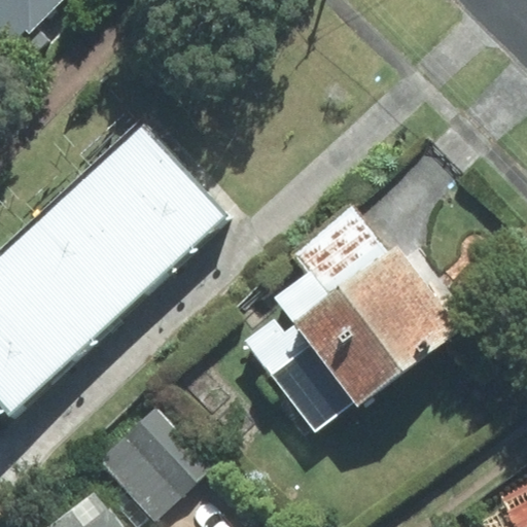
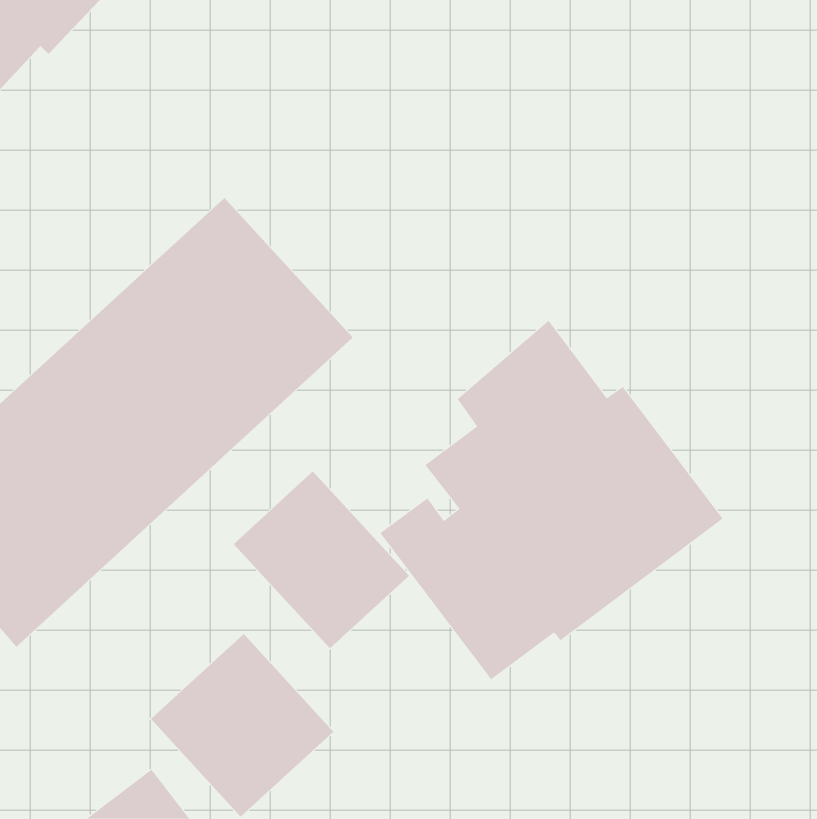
building: none -> [233,471,410,649]

